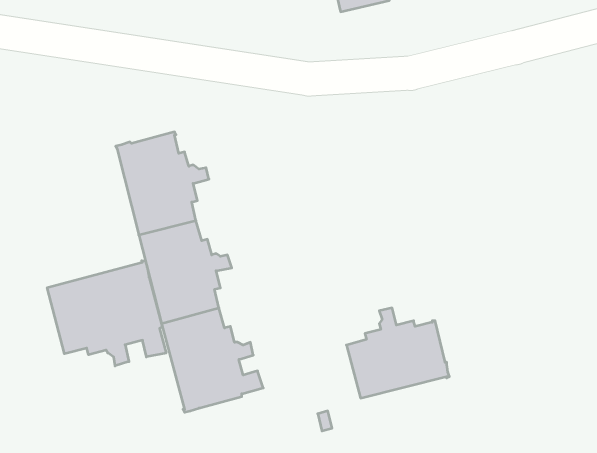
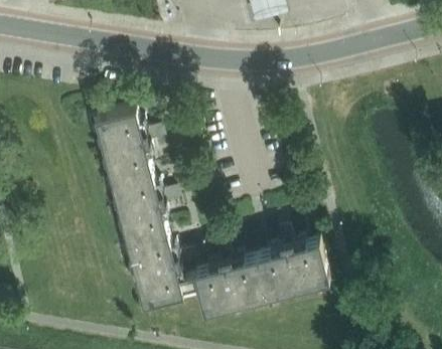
building: [47,261,166,366] -> none
building: none -> [193,249,266,314]

